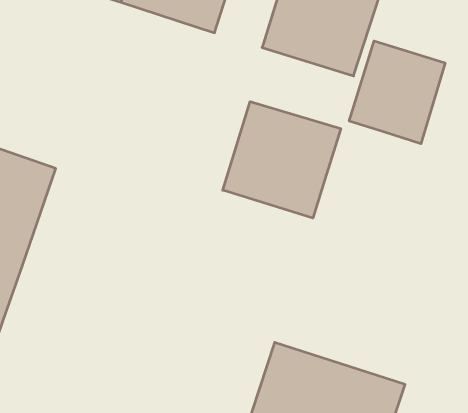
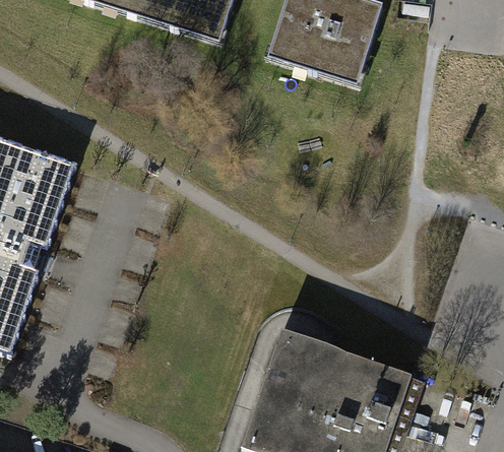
building: [349,41,445,144] -> none
building: [223,102,341,218] -> none

